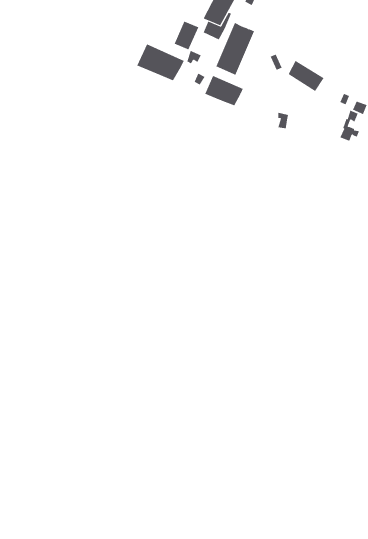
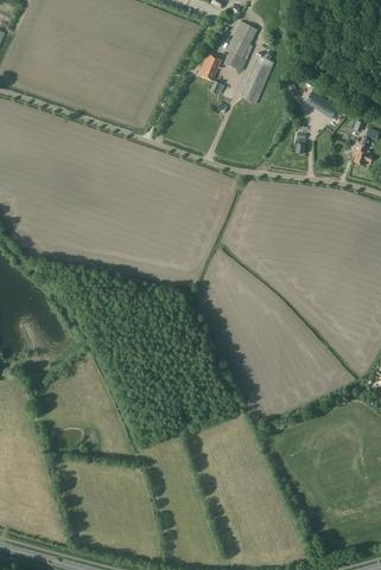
building: [137,44,184,81] -> none
building: [204,75,243,106] -> none

